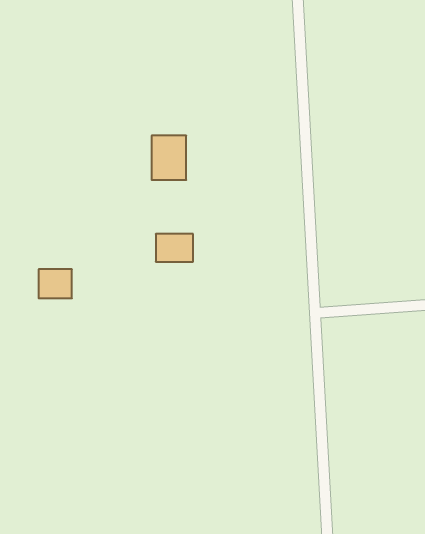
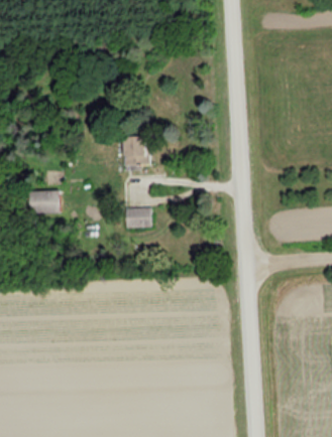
building: [39,269,72,298] -> [30,190,54,211]

